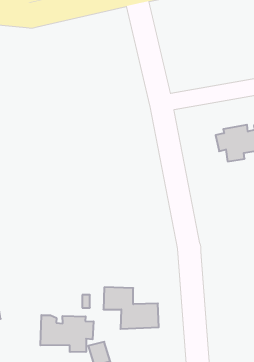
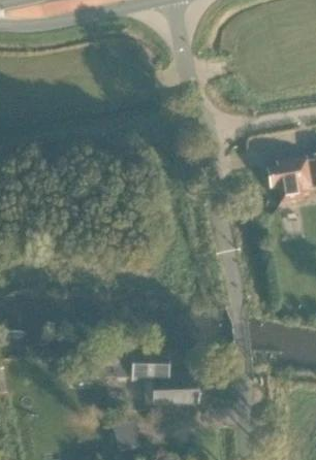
building: [40,315,94,352] -> none

